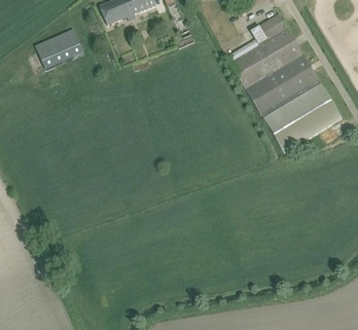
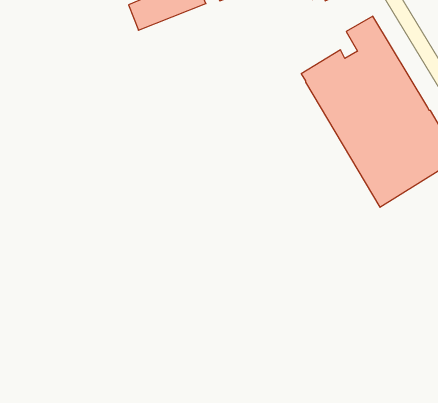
building: [36,29,83,68] -> none

